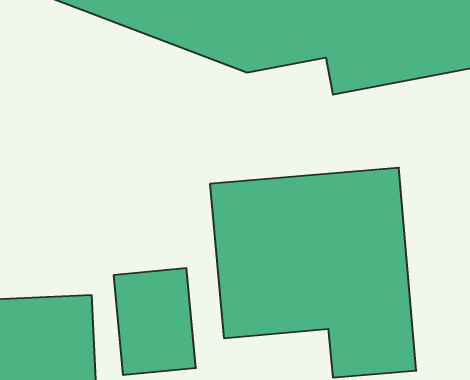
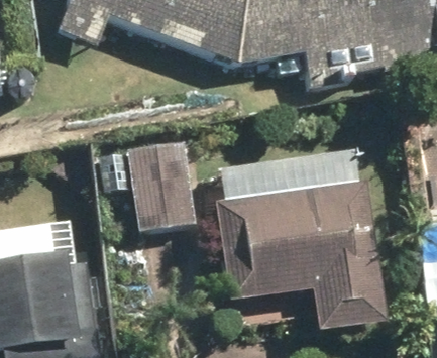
building: [114,268,196,375] -> [126,136,198,229]

